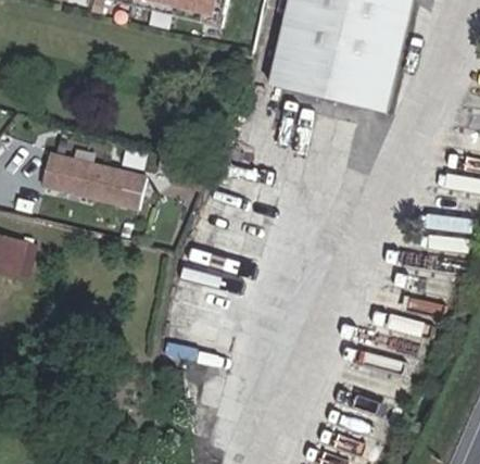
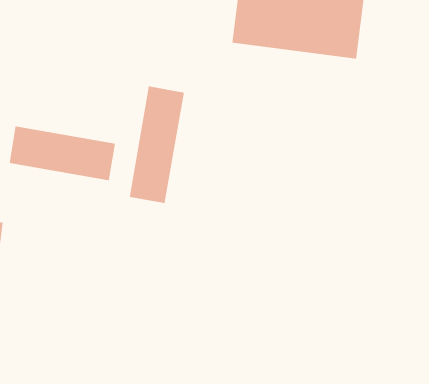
building: none -> [129,86,185,204]

